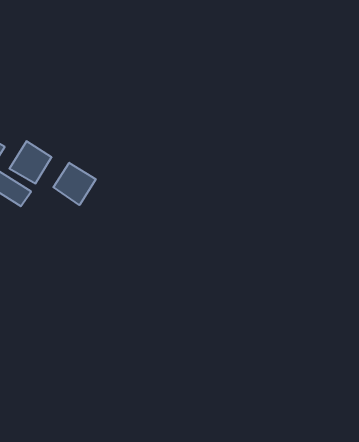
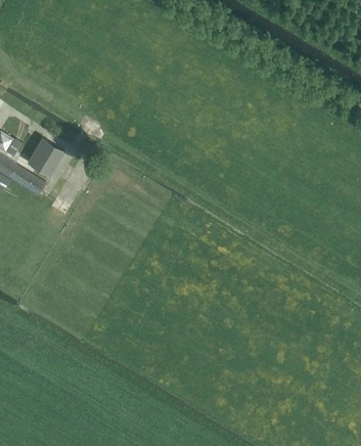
building: [53,163,96,205] -> none

